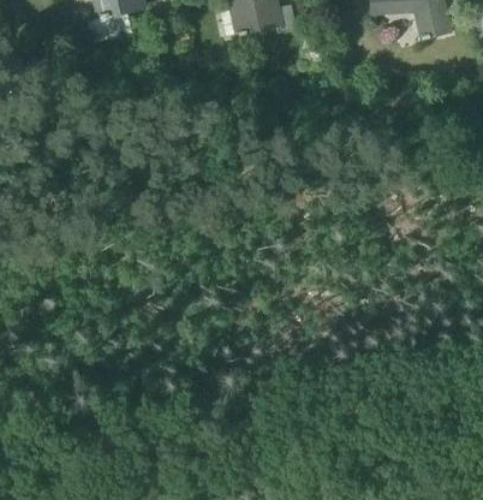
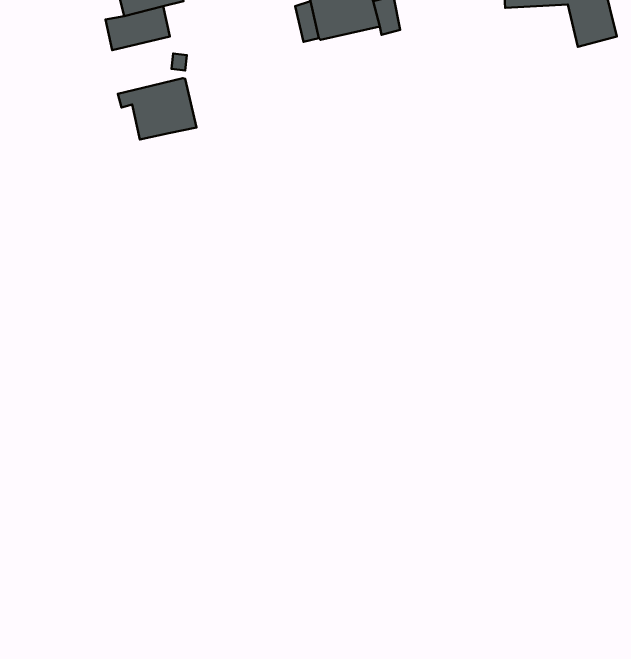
building: none -> [118,78,197,140]

